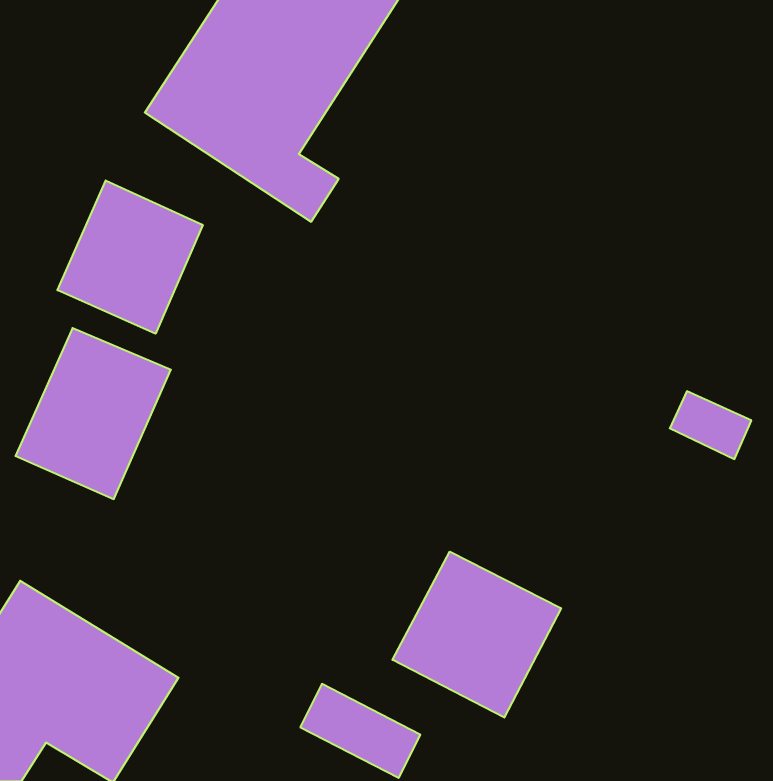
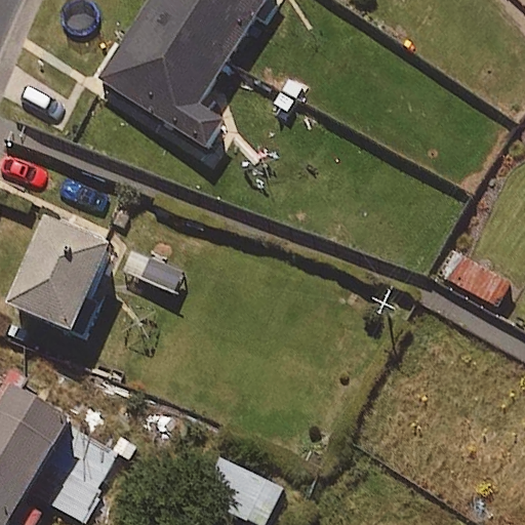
building: [57,180,203,334] -> none
building: [392,552,561,718] -> none

